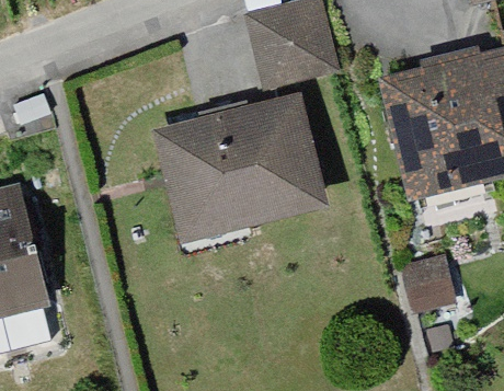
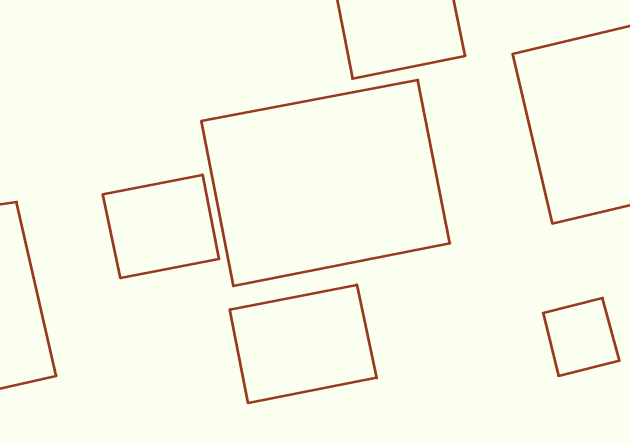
building: none -> [103,175,219,278]
building: none -> [230,285,377,403]

